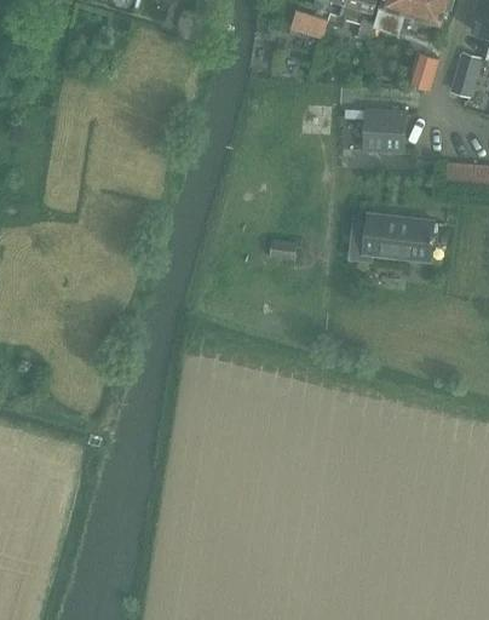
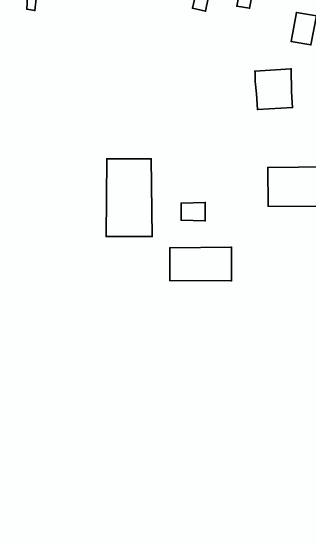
building: none -> [106,159,152,237]
building: none -> [170,247,231,281]

